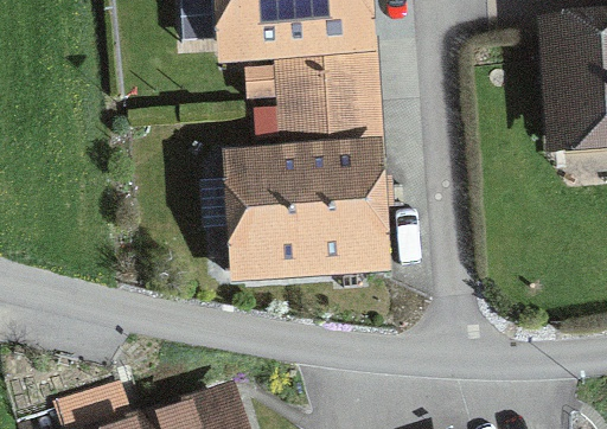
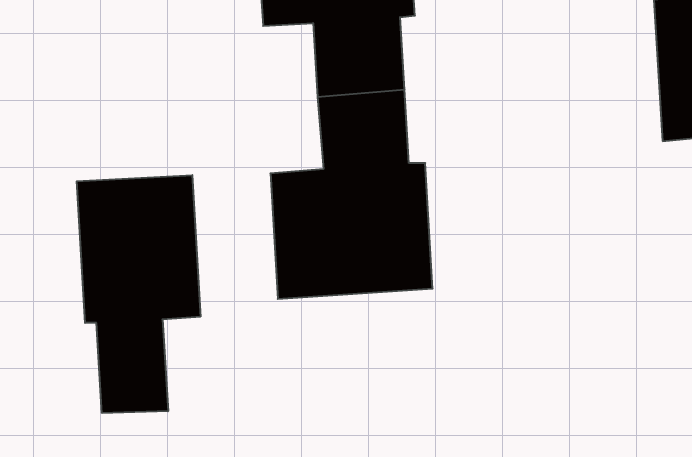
building: none -> [77,175,200,413]

